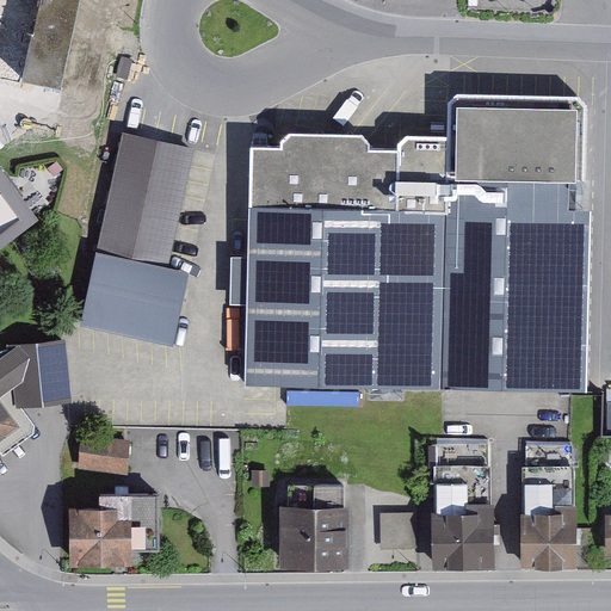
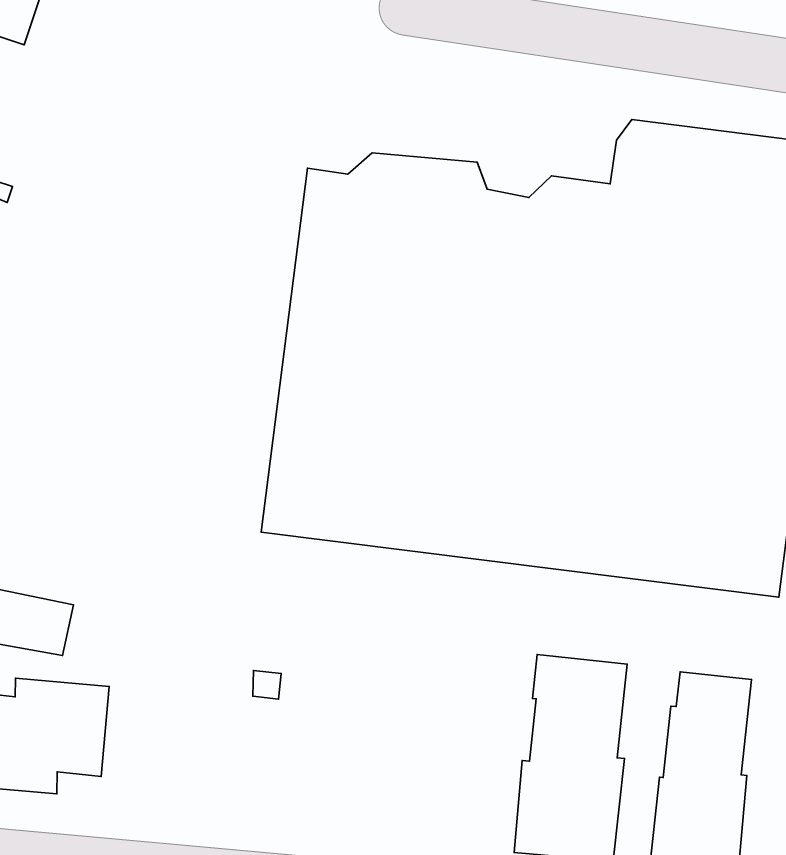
building: [79,135,192,345] -> none
building: [277,485,348,568] -> none
building: [378,514,419,551] -> none

